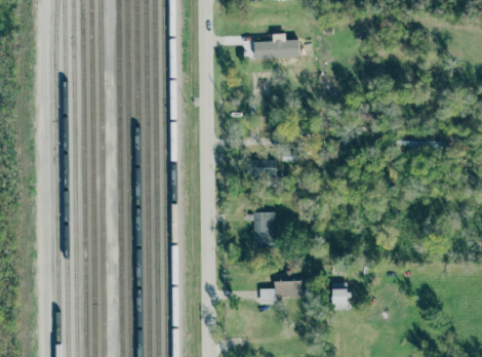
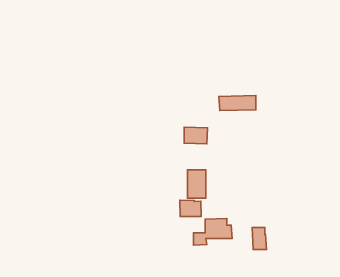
building: [254,40,299,58] -> [219,96,256,111]
building: none -> [180,200,201,216]

